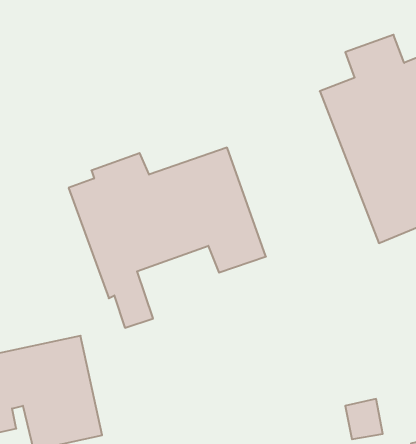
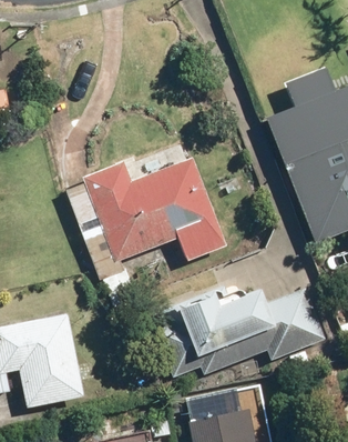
building: none -> [156,288,329,379]

